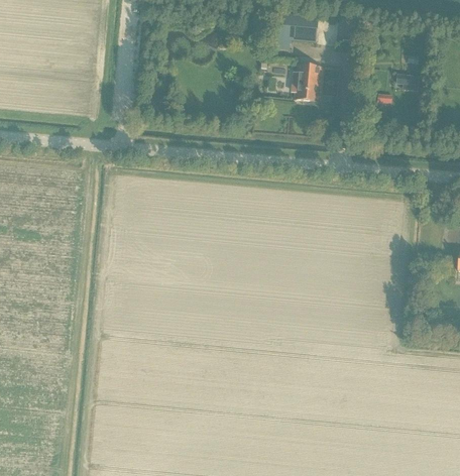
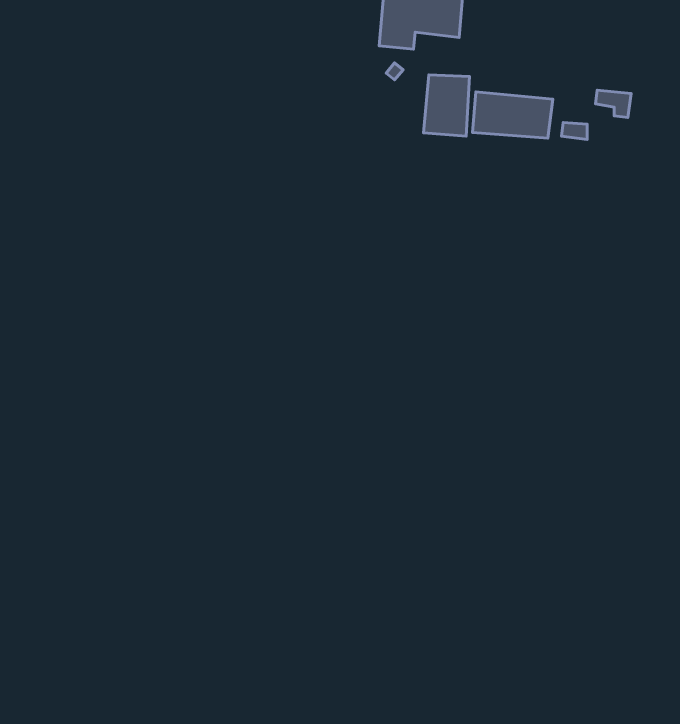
building: none -> [473,92,553,138]

